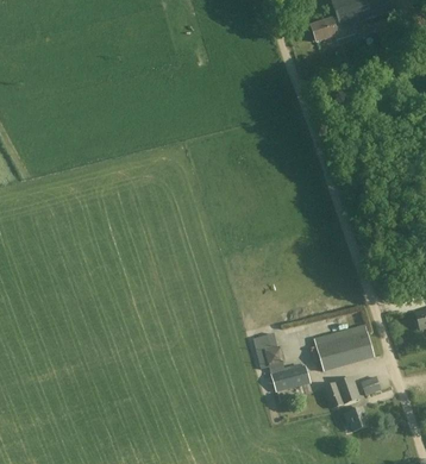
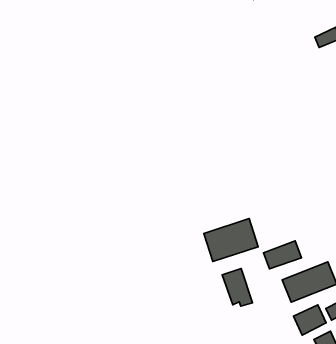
building: none -> [204,218,258,262]
building: [269,364,309,391] -> [263,241,301,269]

